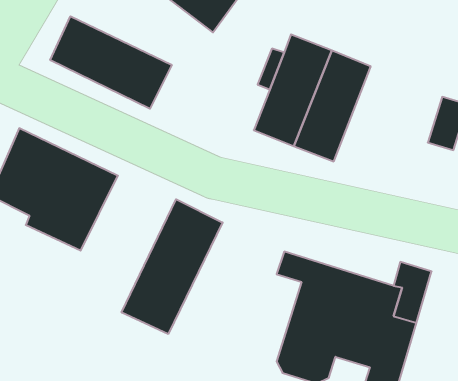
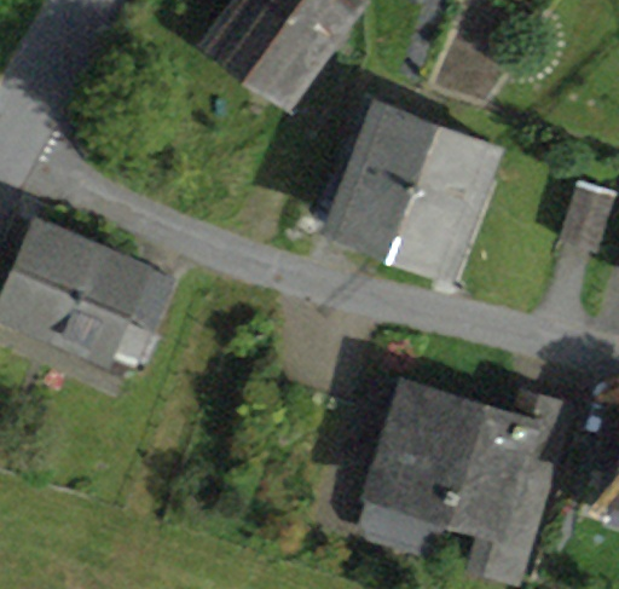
building: [50,16,172,109] -> none
building: [122,199,223,334] -> none

